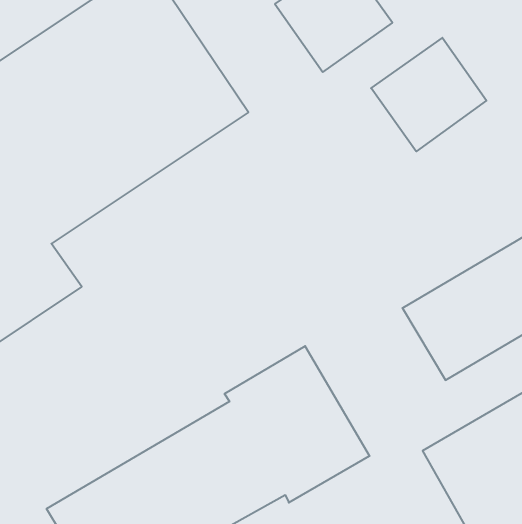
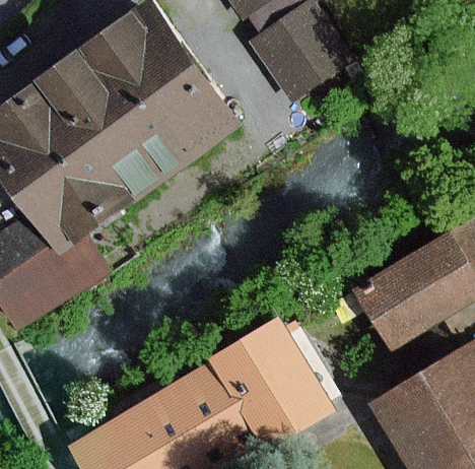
building: [371,38,486,151] -> none

